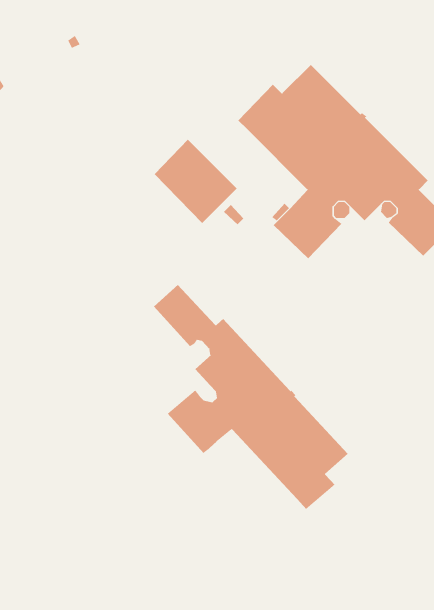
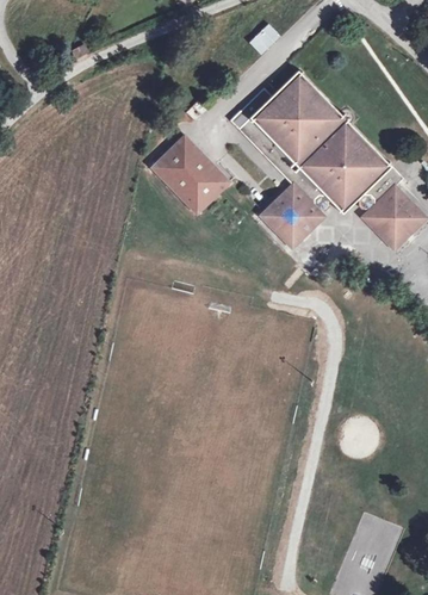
building: [153,284,348,510] -> none

